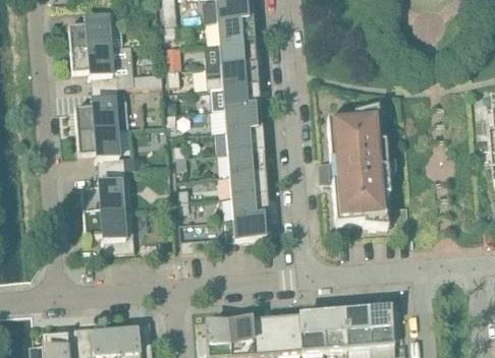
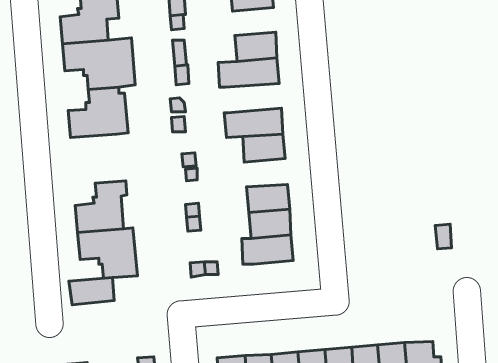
building: [217,17,255,42] -> none
building: [211,83,260,109] -> none
building: [321,107,389,228] -> none
building: [76,127,135,170] -> none
building: [227,148,265,173] -> none
building: none -> [69,278,114,305]

